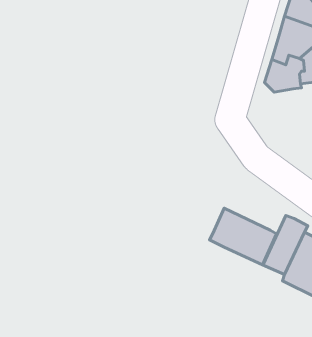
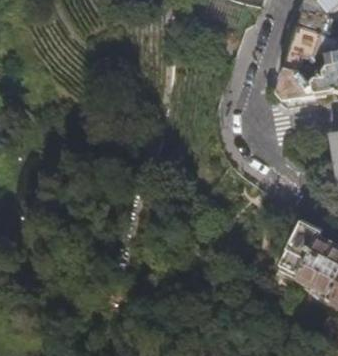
building: [210,208,276,265] -> none

